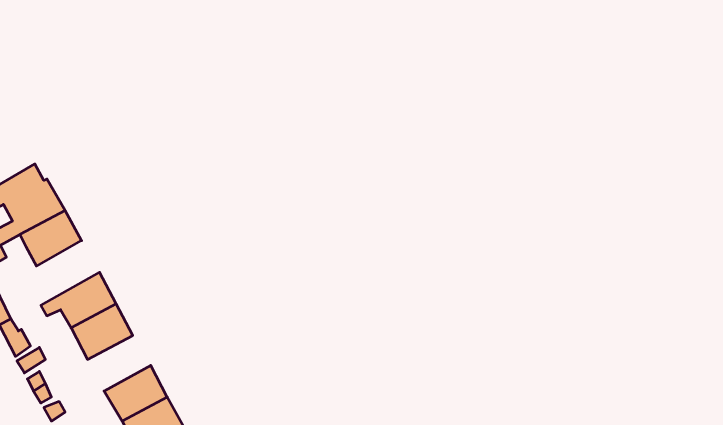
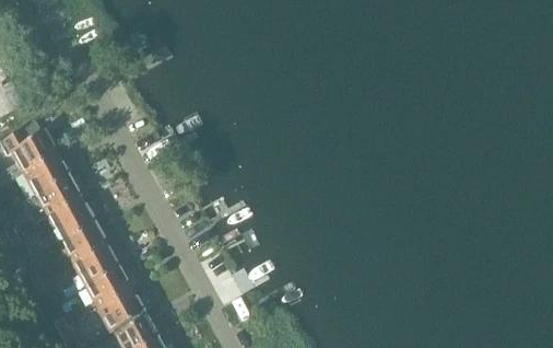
building: none -> [28,181,86,228]
building: none -> [78,250,123,290]

